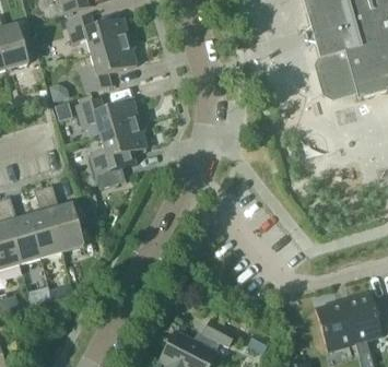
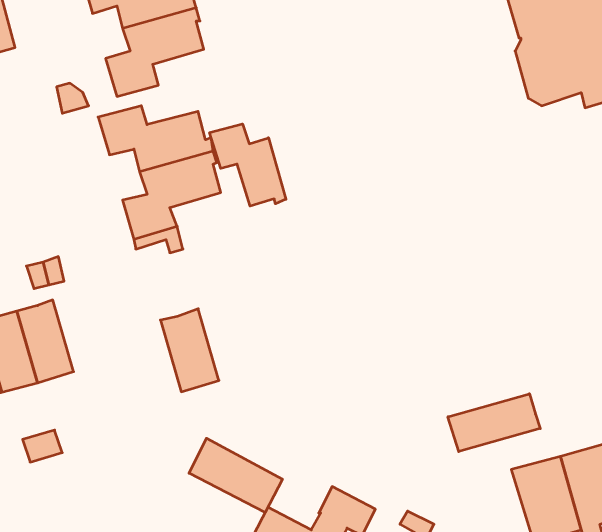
building: none -> [210,124,286,206]
building: [49,202,83,250] -> [160,309,219,392]
building: none -> [448,394,540,452]
building: none -> [189,438,282,513]

